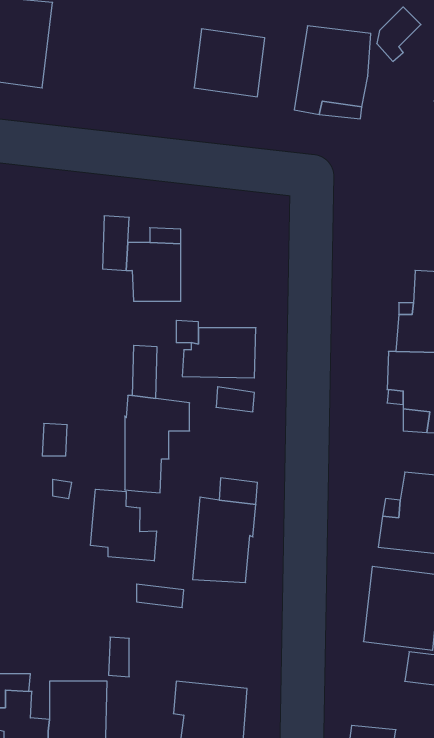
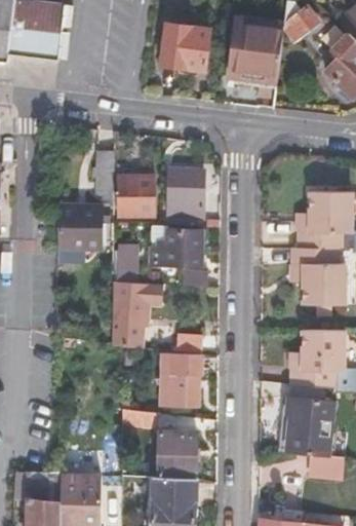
building: none -> [169,166,205,219]
building: none -> [55,206,101,267]
building: [90,489,156,561] -> none
building: none -> [161,431,196,476]

